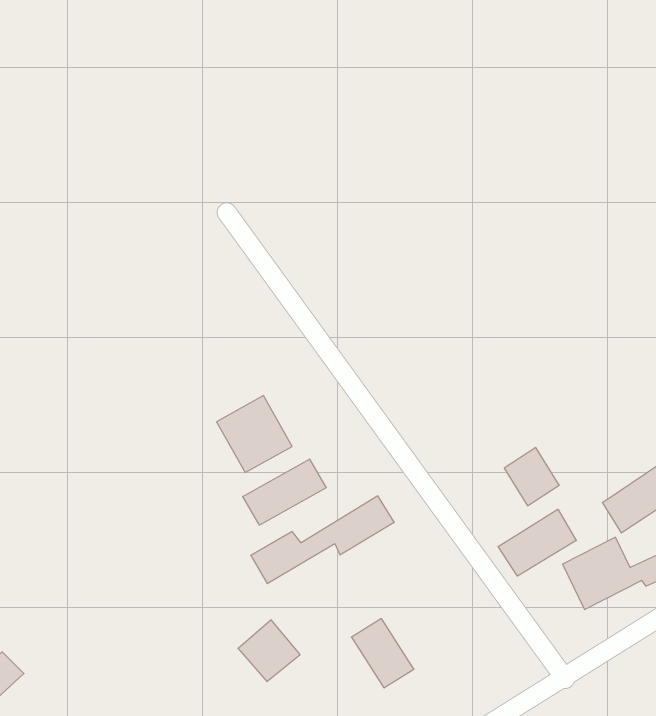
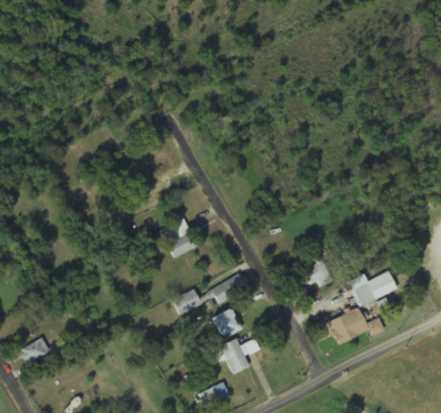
building: [243,459,326,525] -> none
building: [498,509,576,576] -> none
building: [238,620,300,682] -> [209,307,241,338]

